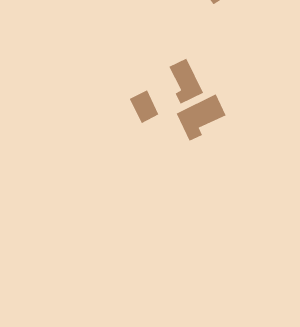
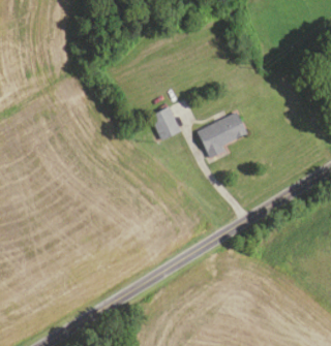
building: [169,58,204,105] -> none

